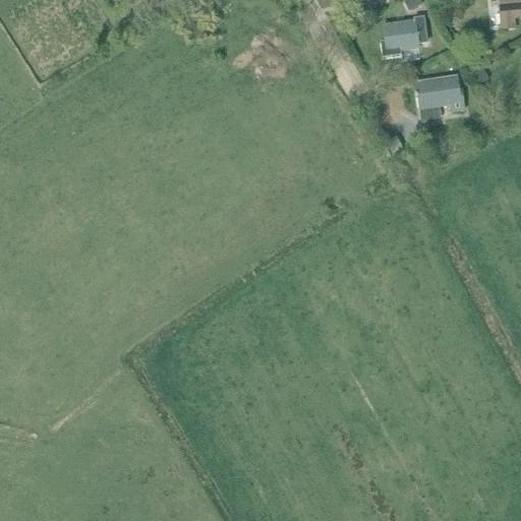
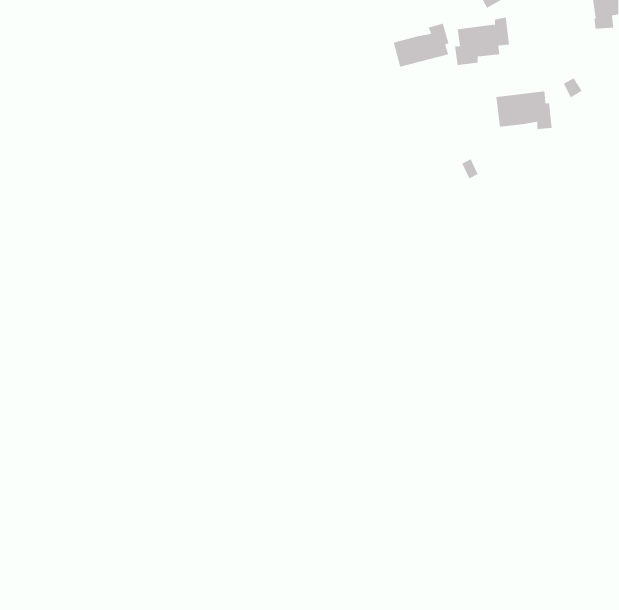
building: none -> [393,23,449,67]

